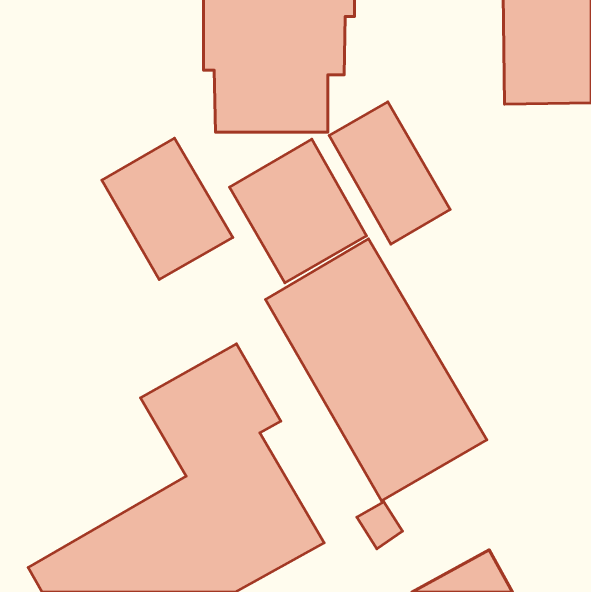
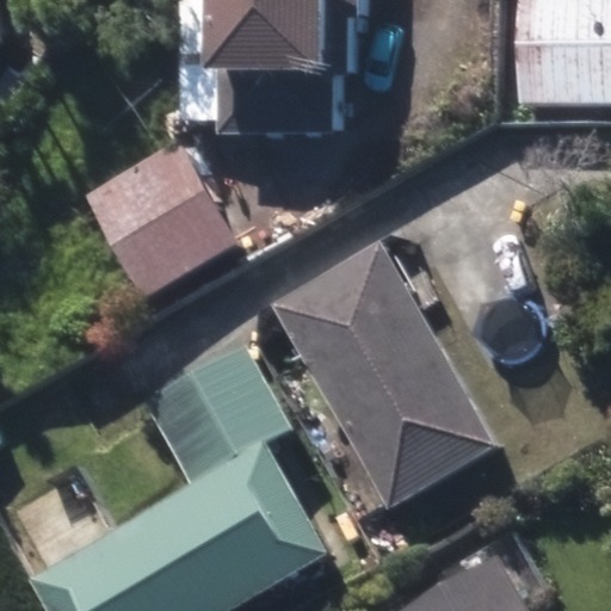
building: [329,102,450,244] -> none
building: [229,139,367,283] -> none

